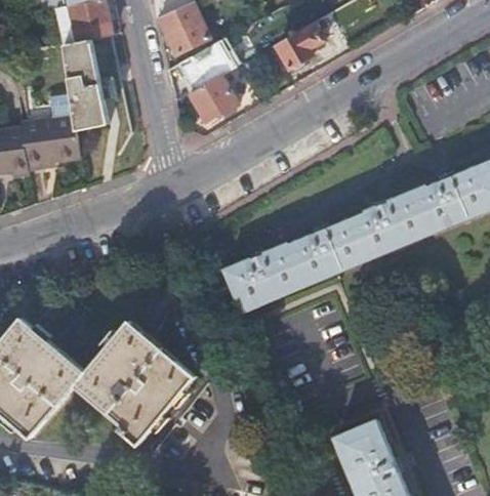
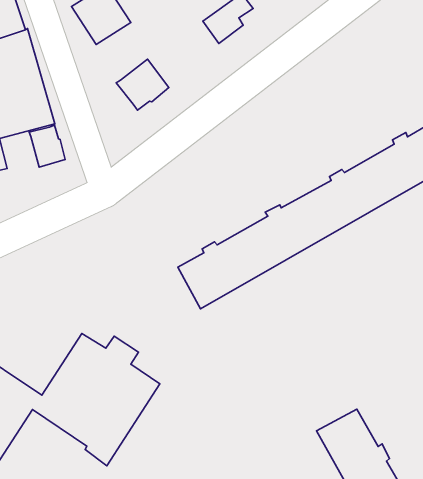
building: [177,39,236,91] -> none
building: none -> [29,125,65,167]

